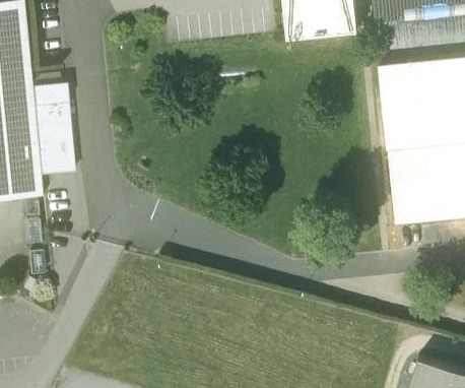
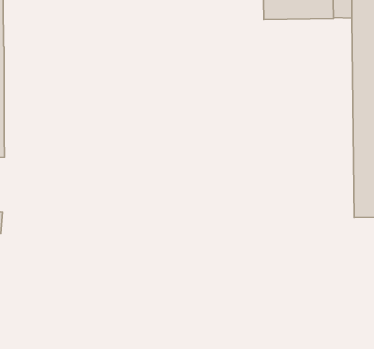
building: [32,81,73,174] -> none

